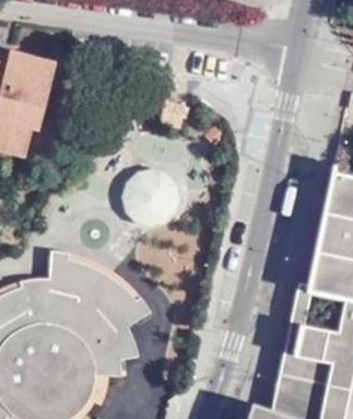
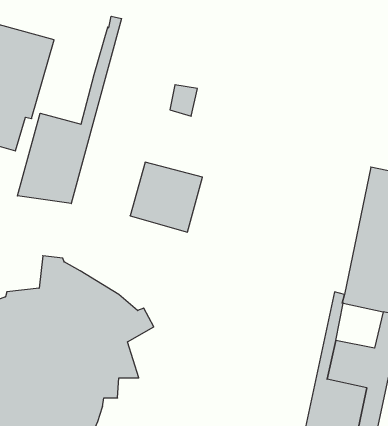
building: none -> [17,16,122,204]

